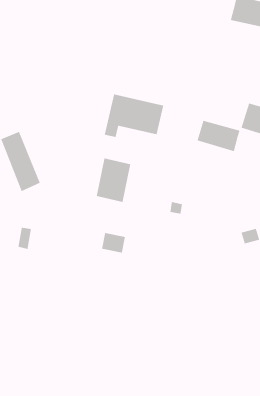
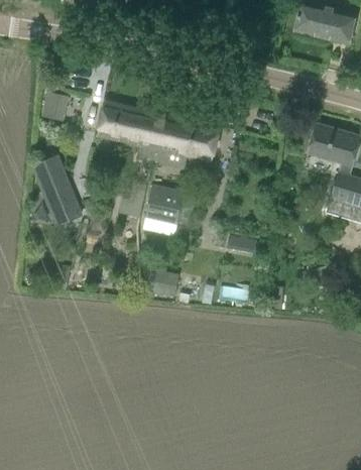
building: none -> [41,92,68,121]
building: none -> [97,100,162,160]
building: [197,120,240,152] -> none

